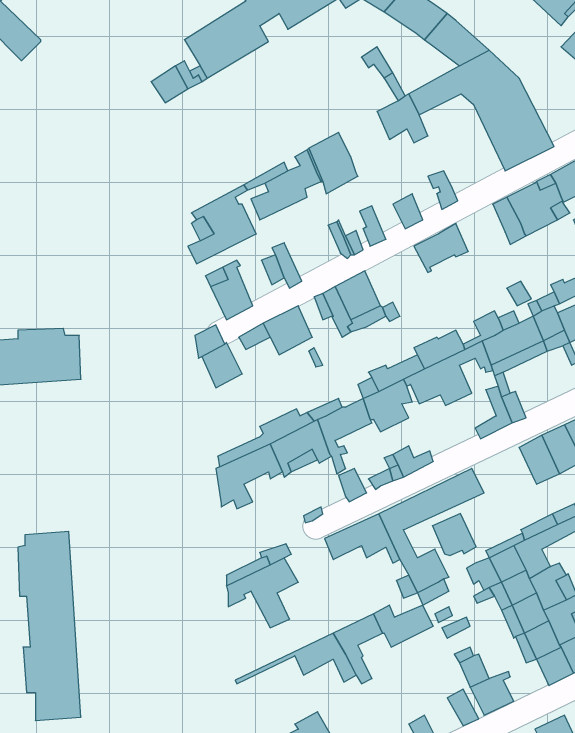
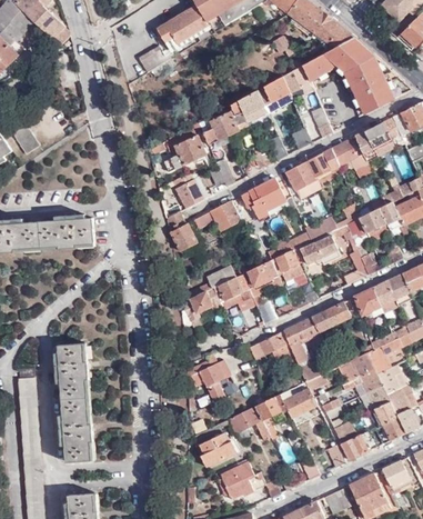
building: none -> [258,77,293,116]
building: none -> [332,138,372,180]
building: none -> [286,162,320,200]
building: [432,514,476,556] -> [354,290,382,317]
building: none -> [199,433,234,467]

